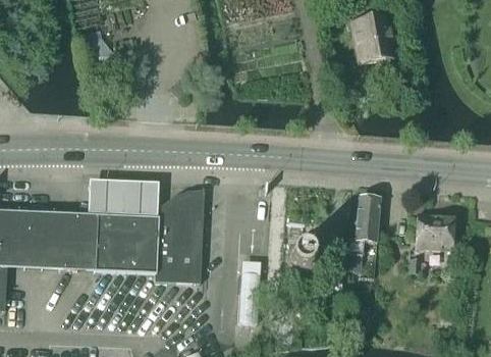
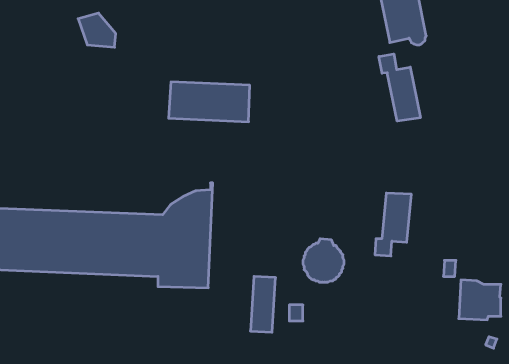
building: none -> [379,54,420,121]
building: [88,177,160,213] -> [169,82,250,122]
building: [415,212,452,248] -> [459,280,501,320]

